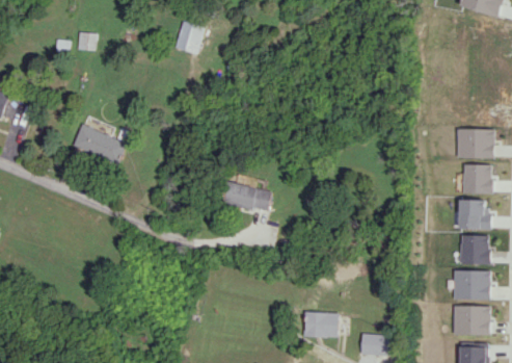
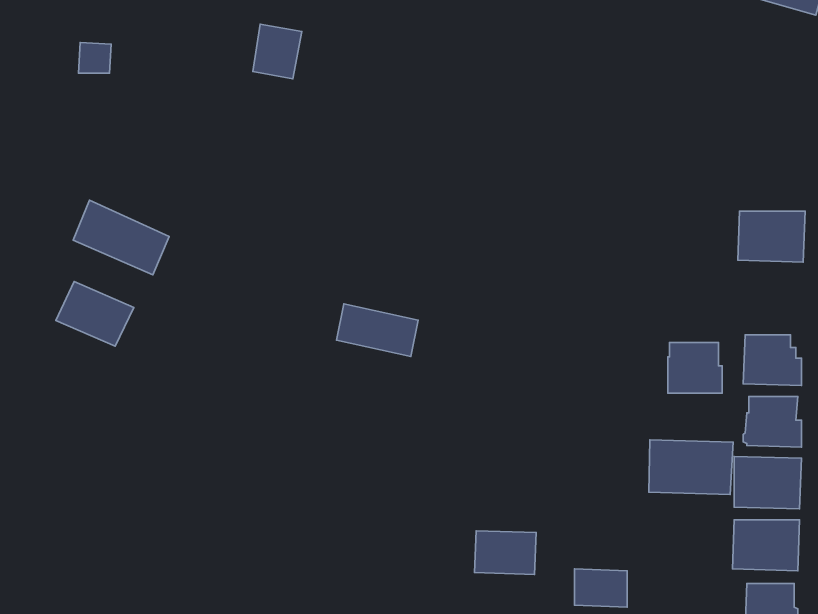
building: [460,164,491,193] -> [668,342,722,393]
building: none -> [56,282,134,346]
building: none -> [649,440,733,494]

